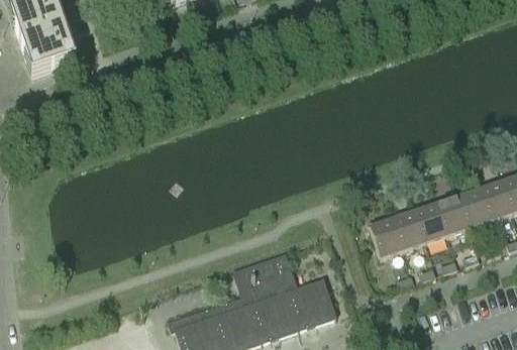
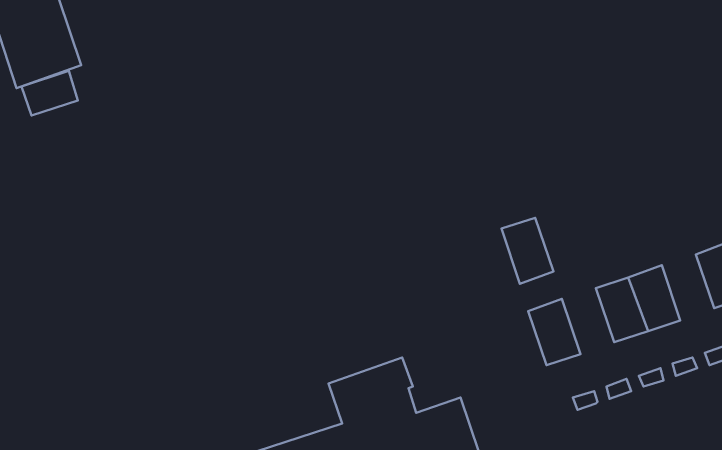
building: none -> [21,71,78,116]
building: [456,187,491,230] -> none
building: [391,209,425,252] -> [501,218,554,284]

